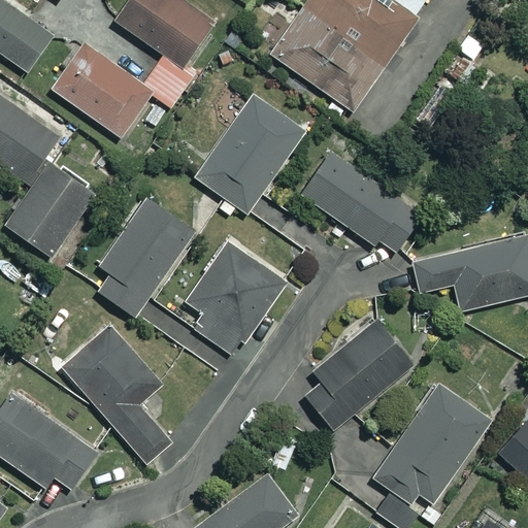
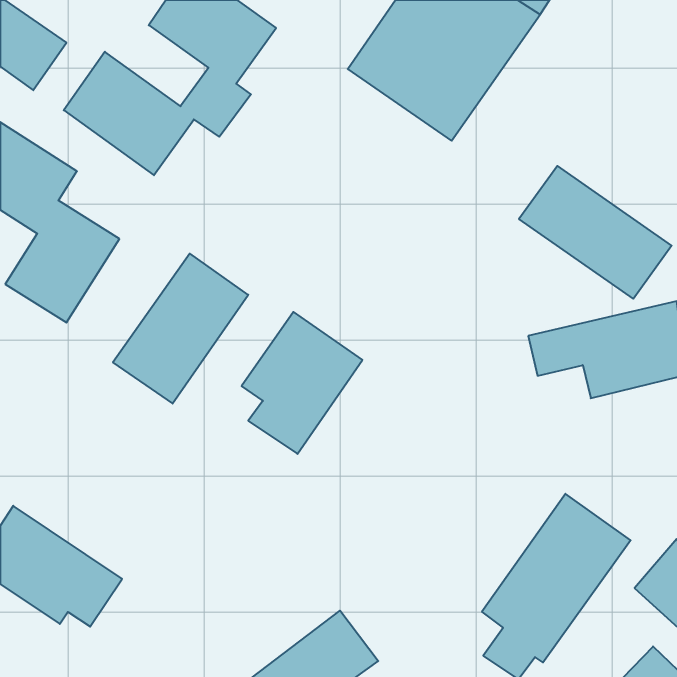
building: [196,95,302,211] -> none
building: [302,153,421,256] -> [519,166,672,299]
building: [305,319,412,429] -> none
building: [62,326,169,461] -> none

